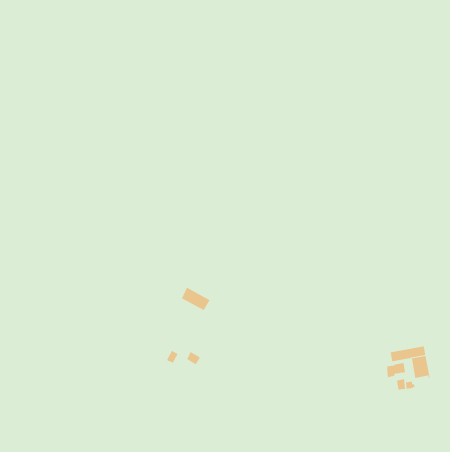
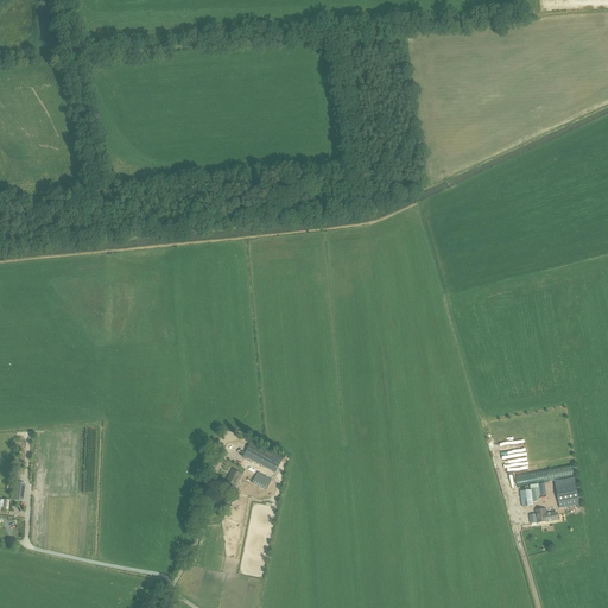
building: [181,287,210,311] -> [242,441,281,473]

